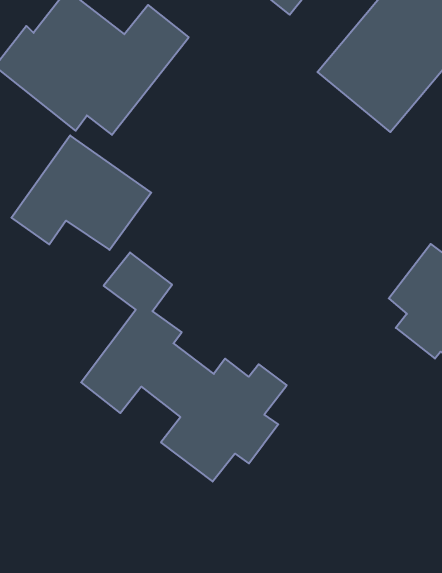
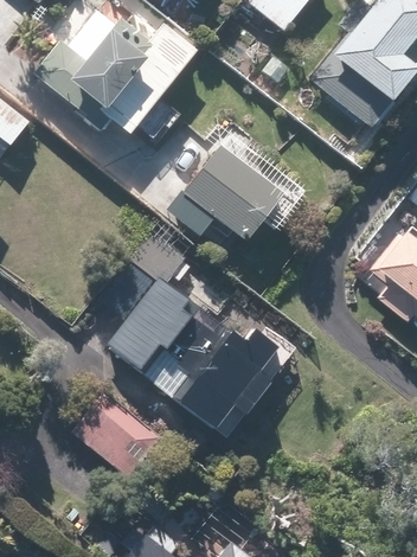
building: [11,135,151,250] -> [168,143,287,241]
building: none -> [69,392,160,479]

